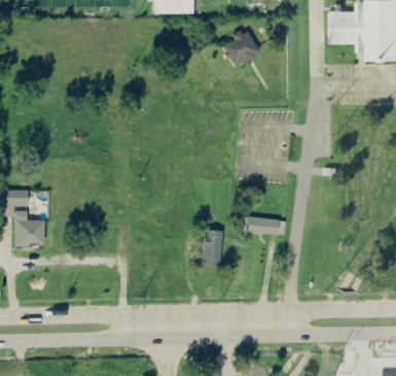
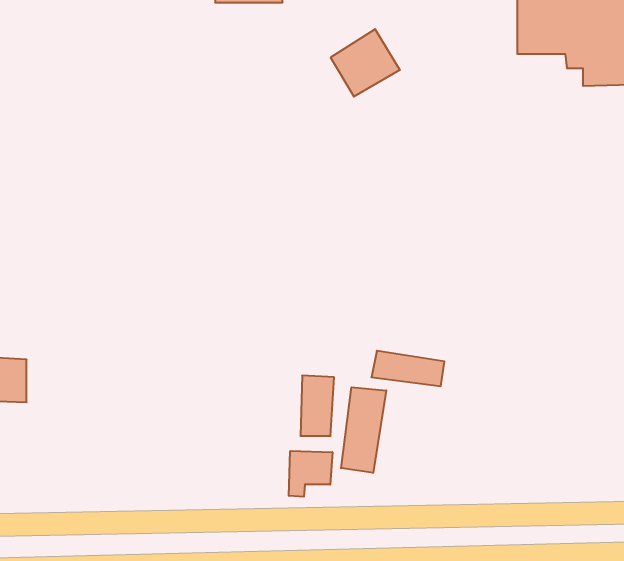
building: none -> [341,387,386,473]
building: none -> [289,451,332,497]

